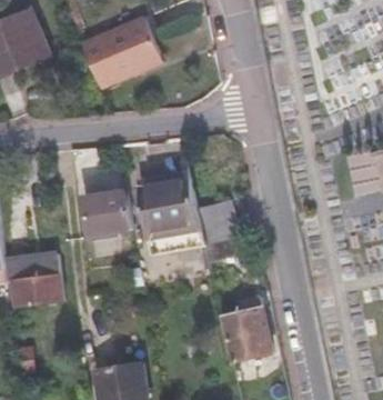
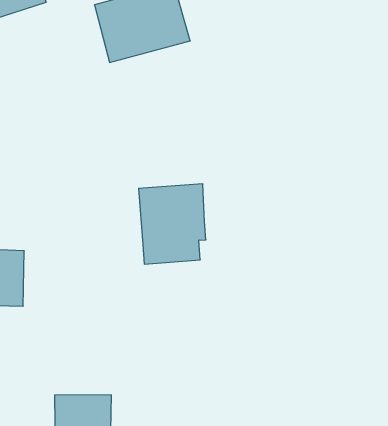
building: [82,187,132,231] -> none
building: [196,200,238,240] -> none
building: [221,293,269,357] -> none

